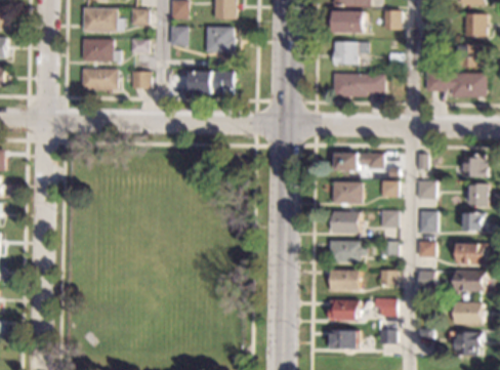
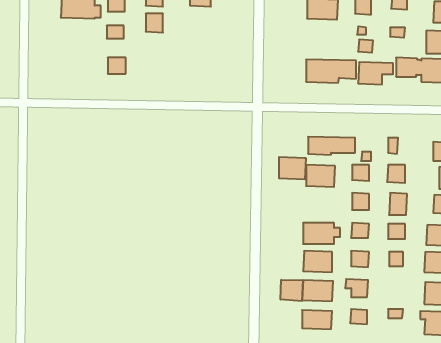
building: [205,27,235,52] -> none
building: [82,39,120,61] -> none
building: [333,42,369,65] -> [358,62,393,84]
building: [81,69,117,90] -> none
building: [190,72,233,93] -> none
building: [333,211,361,234] -> [279,157,306,179]
building: none -> [281,280,303,301]

